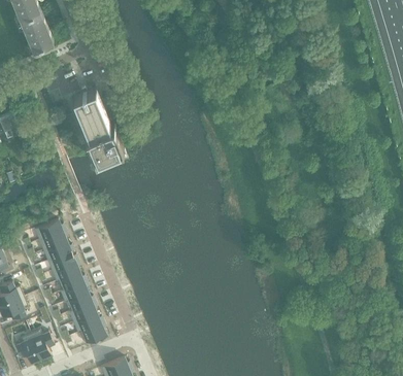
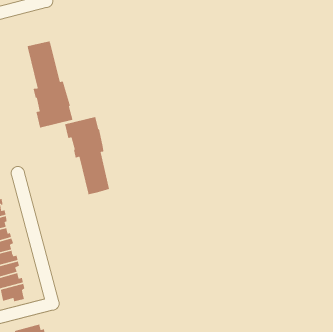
building: none -> [64,116,110,195]

